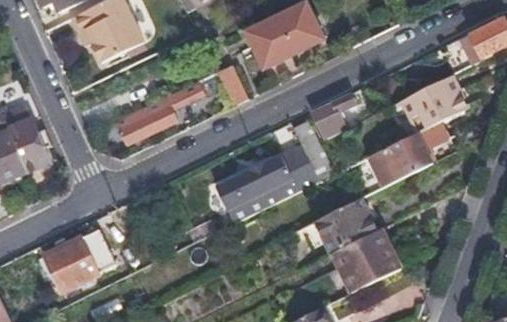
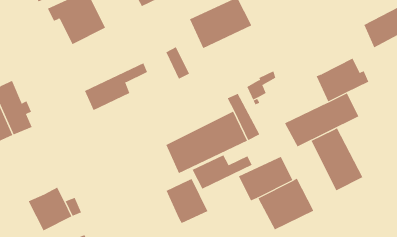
building: none -> [311,128,363,191]
building: none -> [192,154,253,189]
building: none -> [166,178,208,224]

